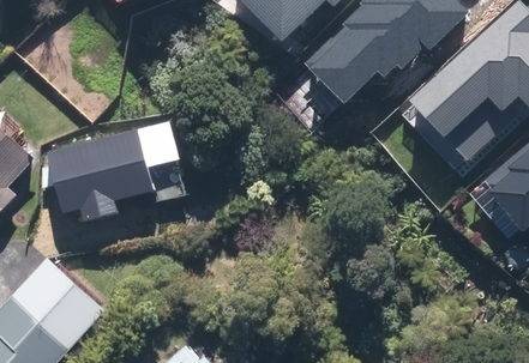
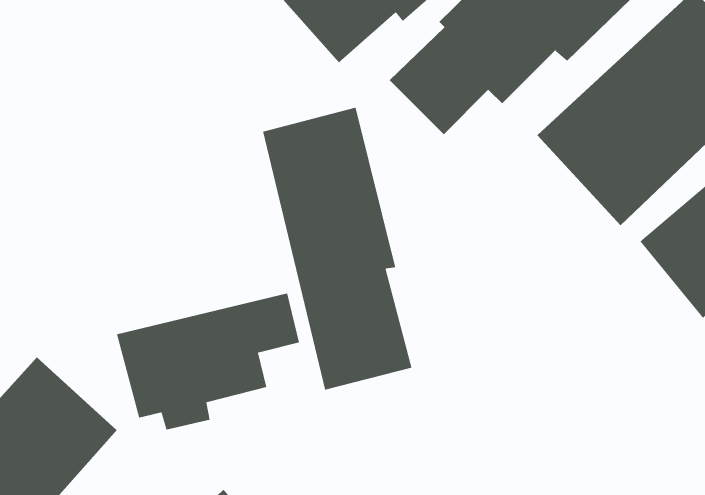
building: none -> [262,107,412,391]
building: [47,126,175,222] -> [116,293,300,430]

